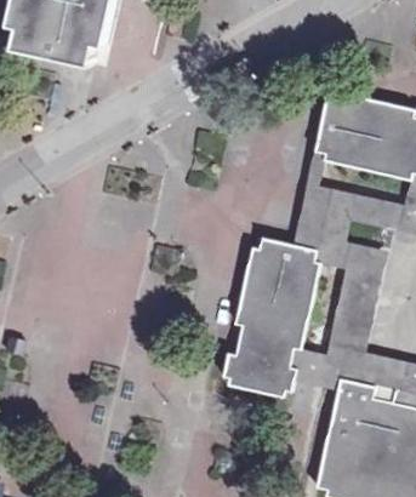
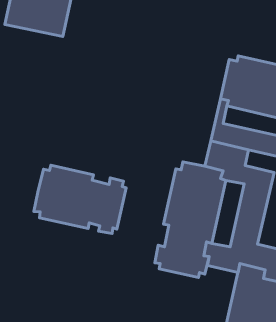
building: none -> [34,165,126,234]

